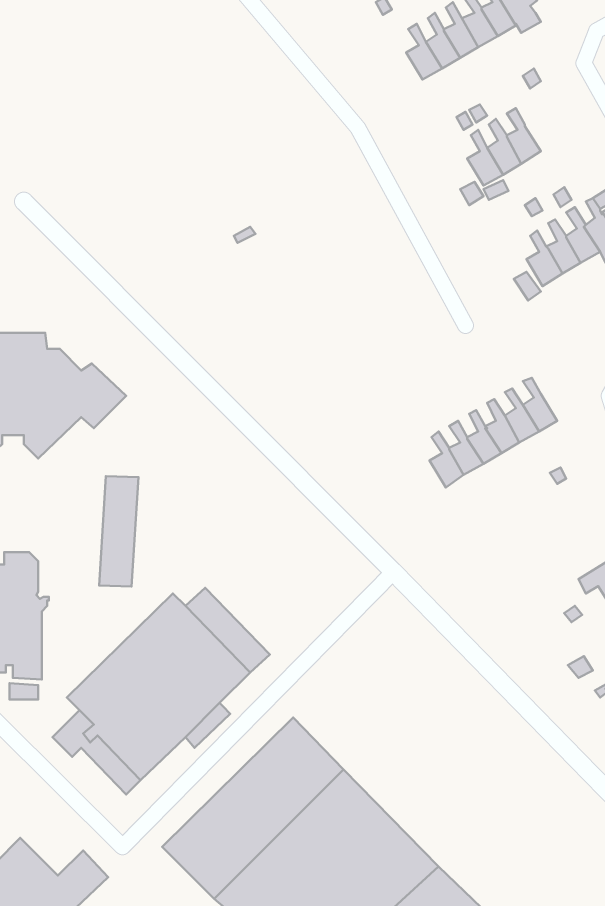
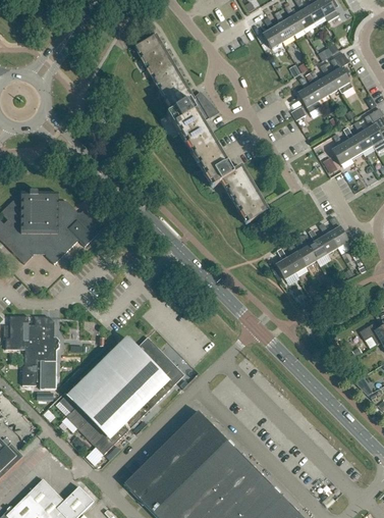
building: none -> [135,36,266,222]
building: none -> [330,53,352,94]
building: [99,476,138,587] -> none

